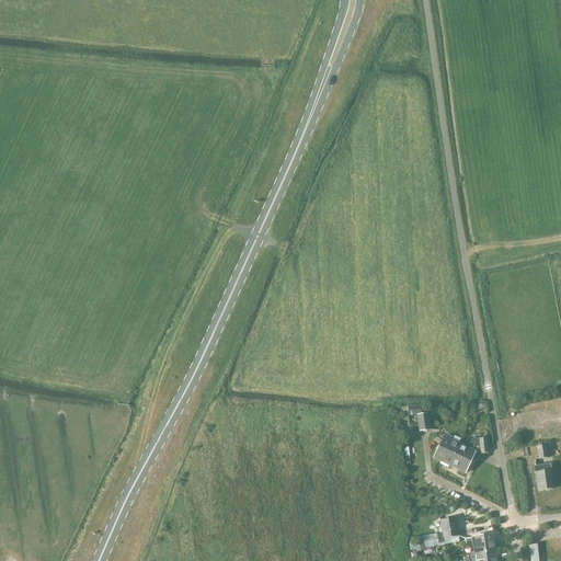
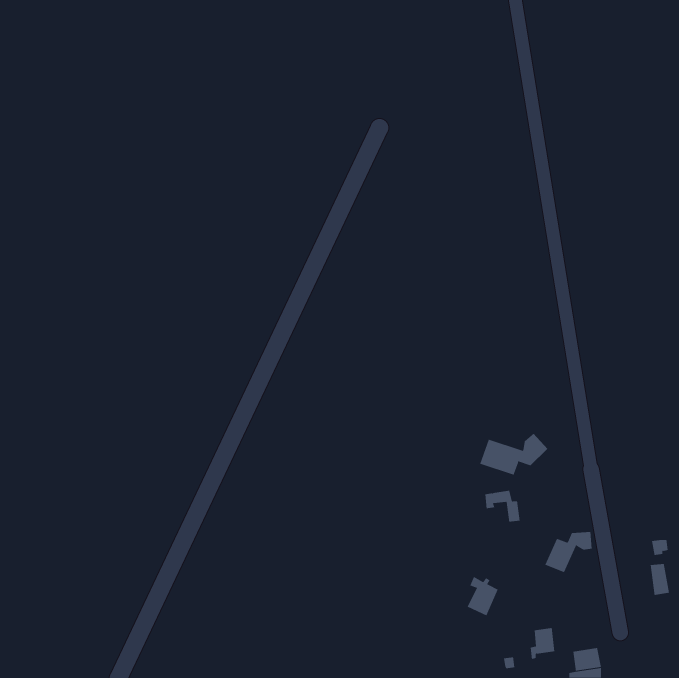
building: none -> [480,433,548,475]
building: [433,432,459,465] -> [467,576,499,616]

